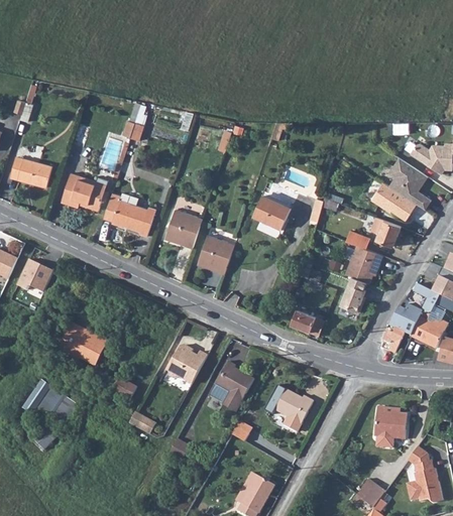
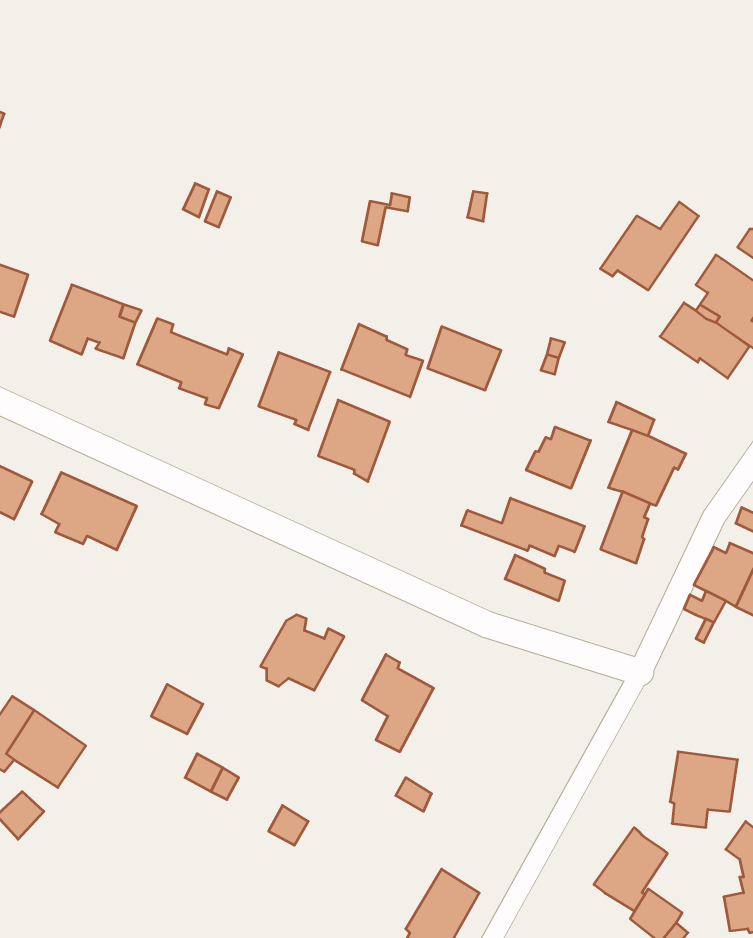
building: none -> [600,202,699,290]
building: none -> [341,324,423,397]
building: [369,217,401,246] -> none
building: none -> [526,427,591,488]
building: none -> [461,498,585,556]
building: [61,325,109,364] -> [41,472,137,550]
building: [274,390,314,433] -> none
building: none -> [594,828,667,911]

